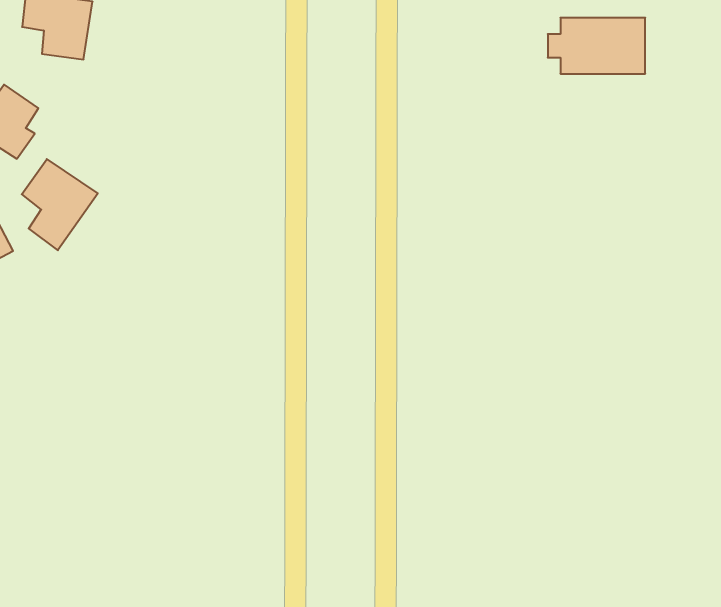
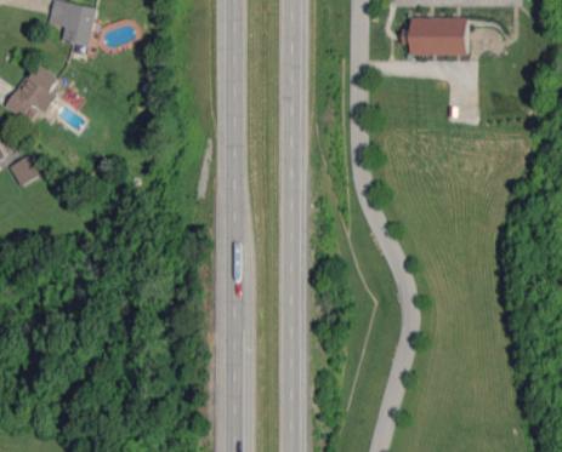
building: [22,159,98,250] -> none

